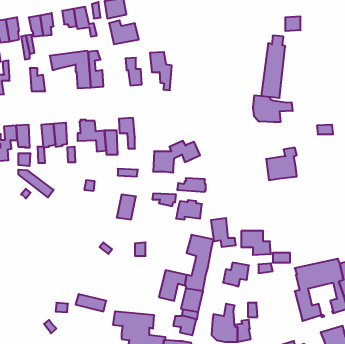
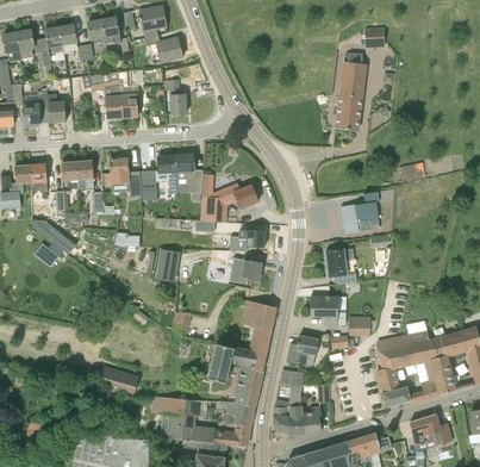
building: [150,52,172,90] -> [175,154,202,201]
building: none -> [21,91,49,124]
building: [253,95,293,122] -> none
building: [211,218,236,247] -> [325,248,356,284]

